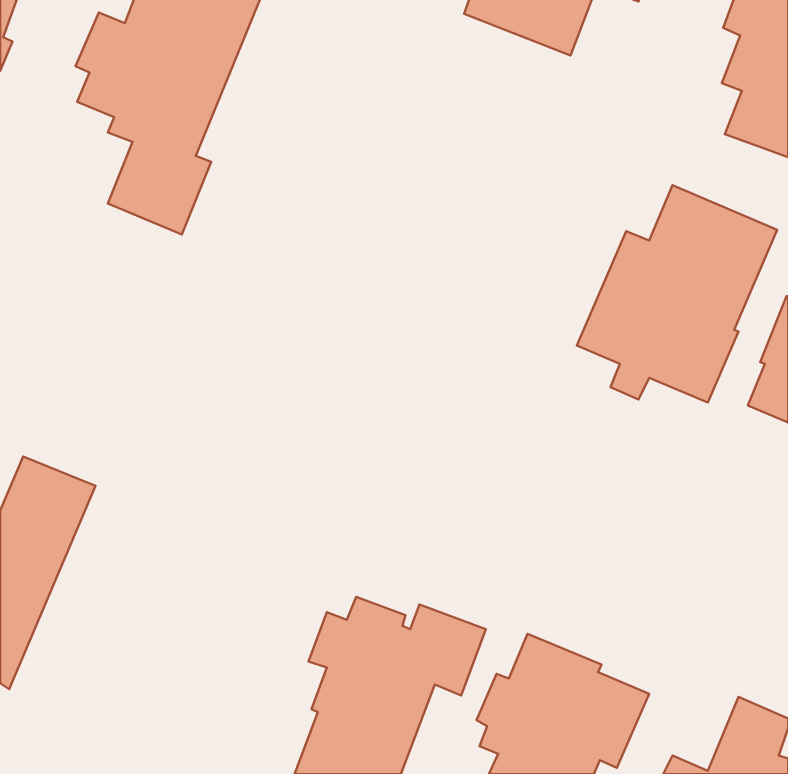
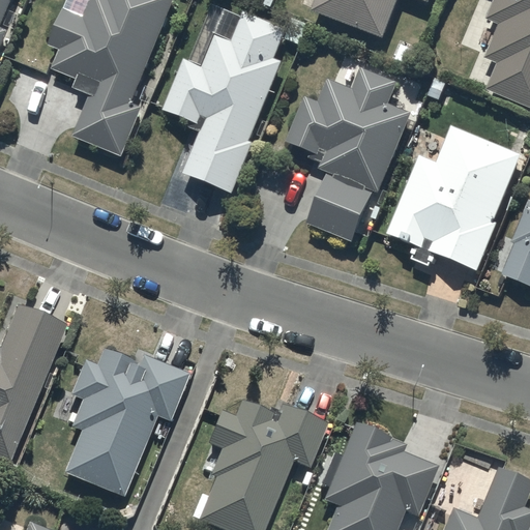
building: none -> [165,11,308,193]
building: none -> [285,67,411,243]
building: none -> [63,350,187,497]

